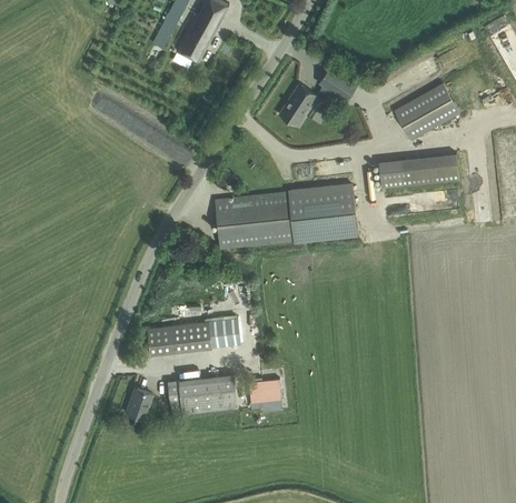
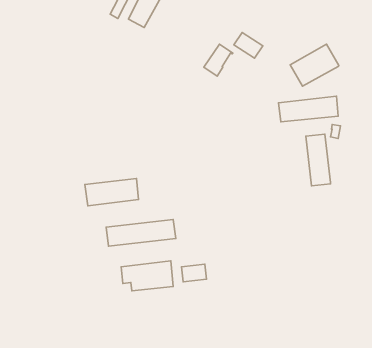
building: [215,183,357,247] -> none
building: none -> [306,134,331,186]
building: none -> [85,179,138,206]
building: [126,388,152,418] -> none

